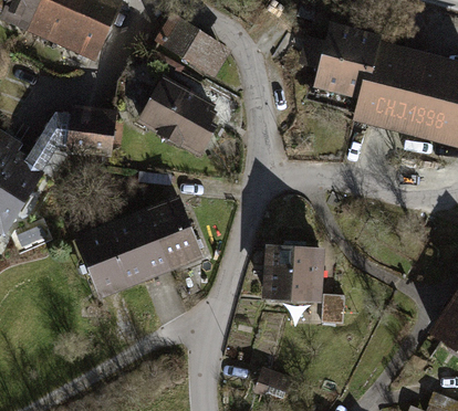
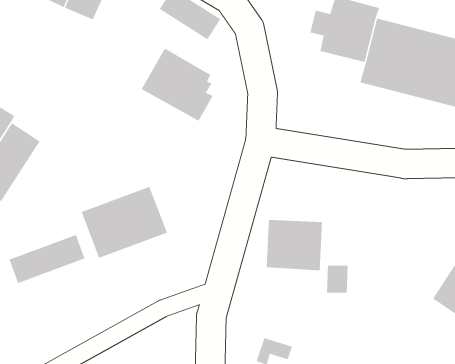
building: [25,113,112,172] -> none
building: [150,205,199,263] -> none
building: none -> [9,234,85,284]

